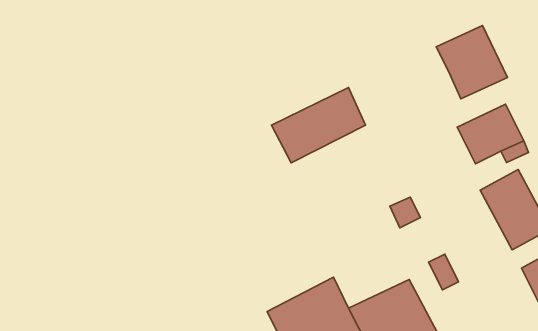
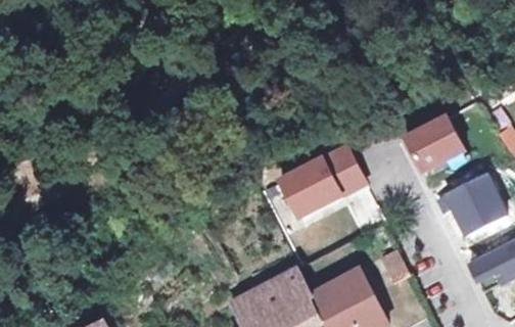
building: [436,26,507,99] -> none
building: [272,87,366,163] -> [281,147,365,215]

